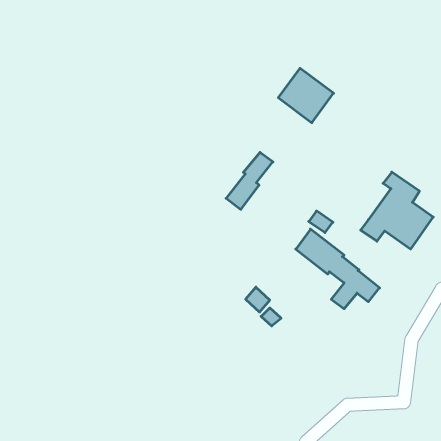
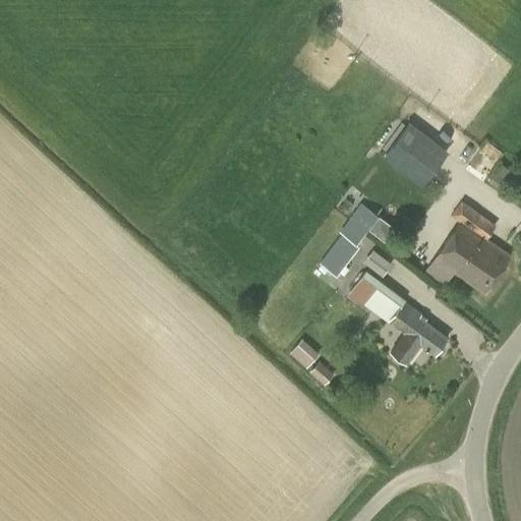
building: [278,68,334,123] -> [383,123,448,187]
building: [226,152,273,209] -> [320,210,374,277]

